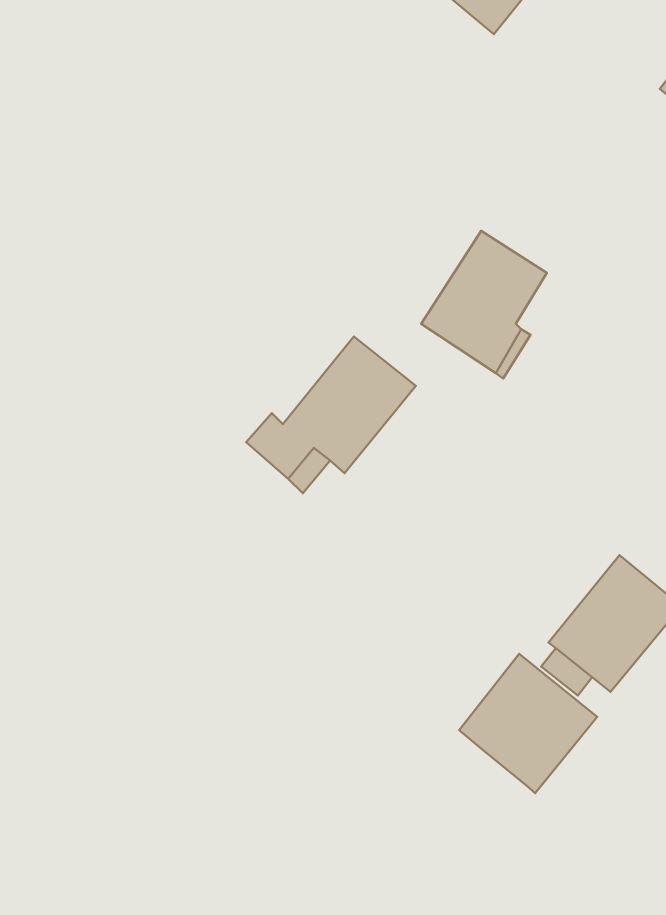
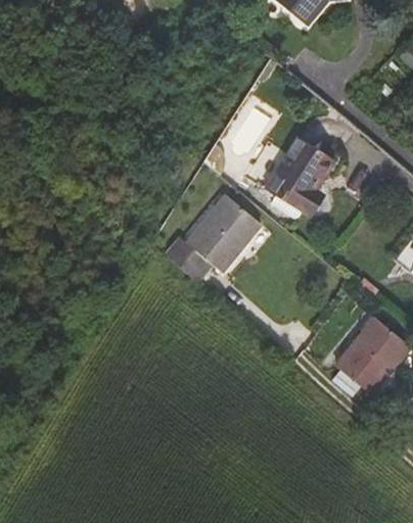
building: [459,654,597,793] -> none

